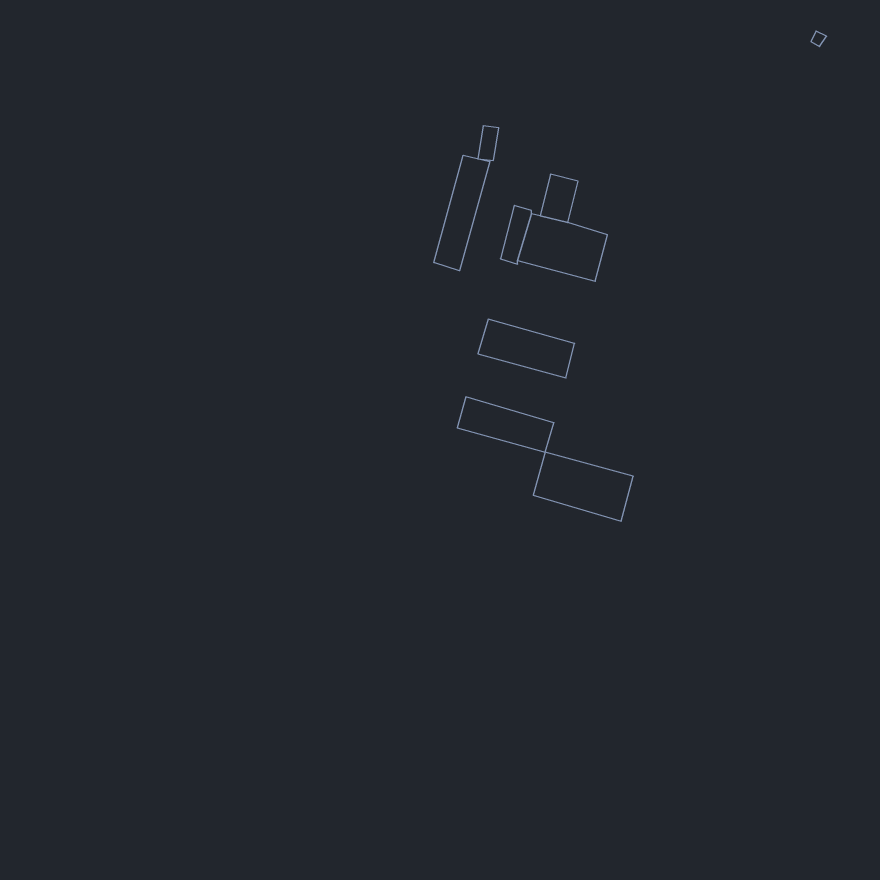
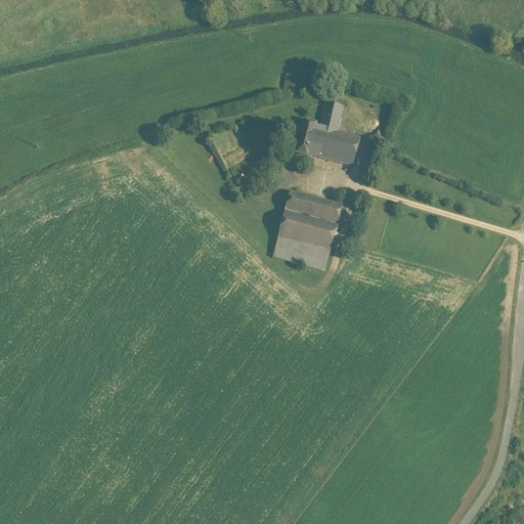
building: [434,155,490,271] -> none
building: [533,452,633,521] -> [277,210,337,251]

